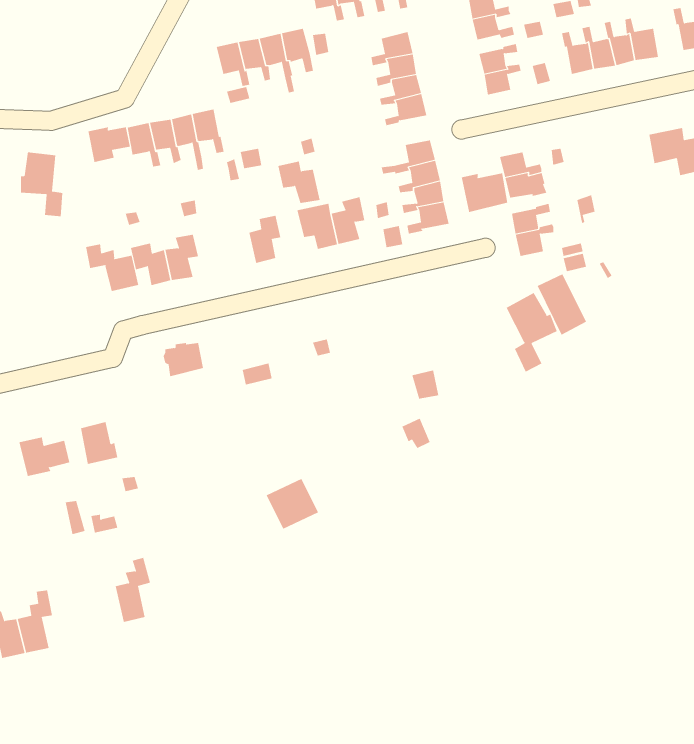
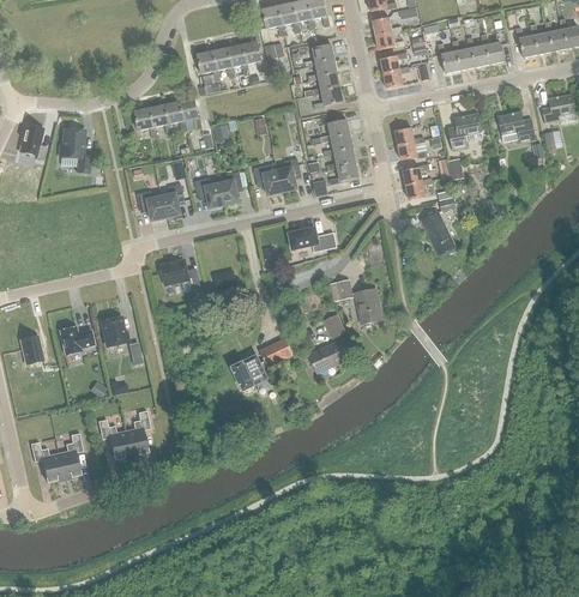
building: [88,126,130,163] -> none
building: none -> [446,111,481,150]
building: [277,161,320,204] -> [193,177,223,207]
building: [461,173,508,213] -> none
building: [86,244,139,292] -> none
building: [506,292,558,372] -> none
building: none -> [288,228,327,252]
building: none -> [355,289,380,322]
building: none -> [259,338,292,367]
building: none -> [308,340,349,372]
building: none -> [97,420,131,459]

